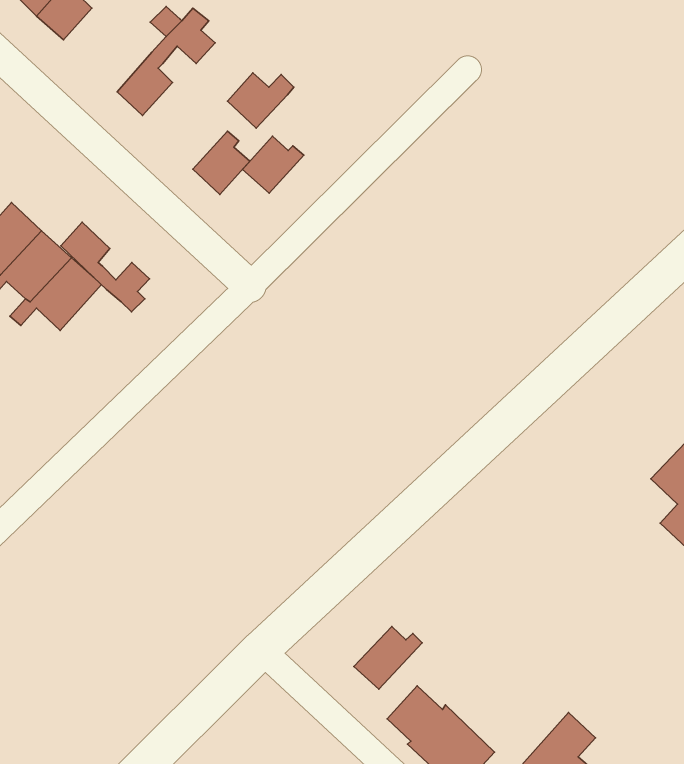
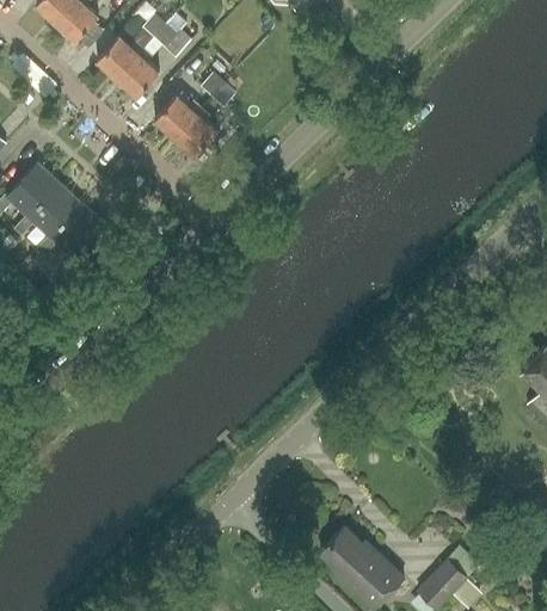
building: none -> [96,36,142,79]
building: [242,136,304,193] -> [153,94,199,137]
building: [61,222,149,312] -> none
building: [354,626,422,689] -> none

